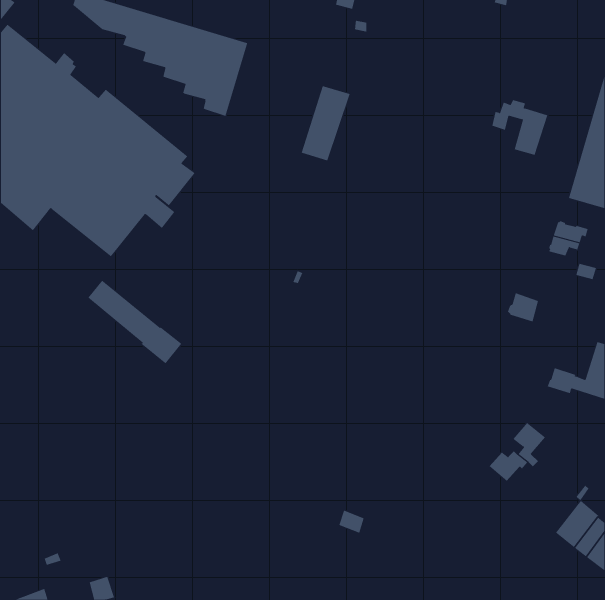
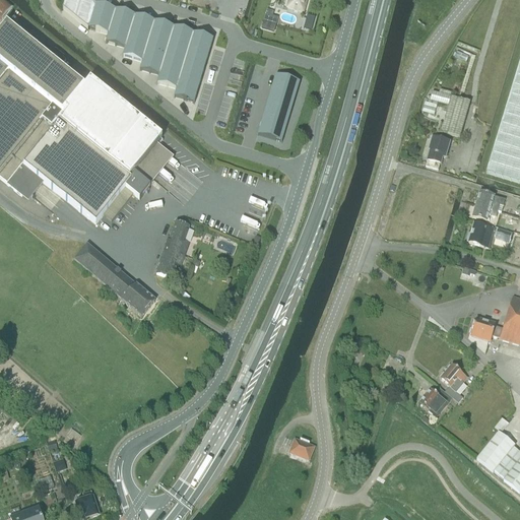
building: none -> [425,134,449,167]
building: none -> [157,217,190,274]
building: [507,292,539,322] -> [465,219,493,245]

